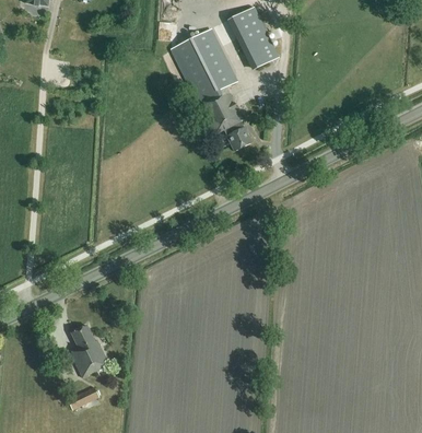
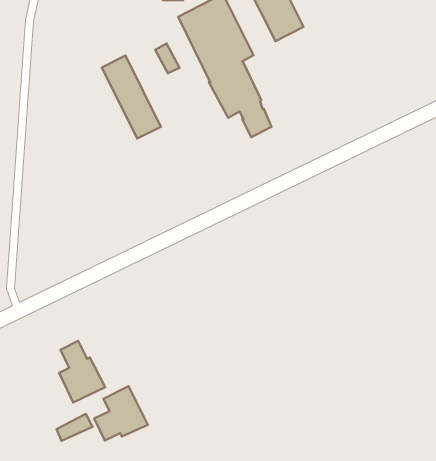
building: none -> [102,56,161,139]
building: none -> [94,386,148,441]

